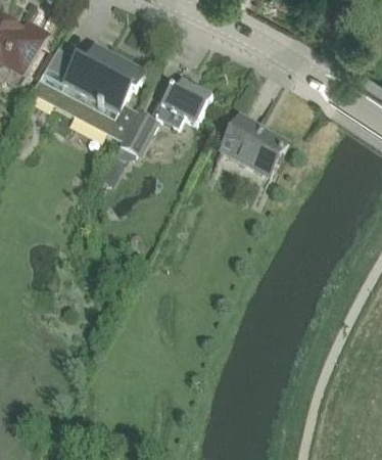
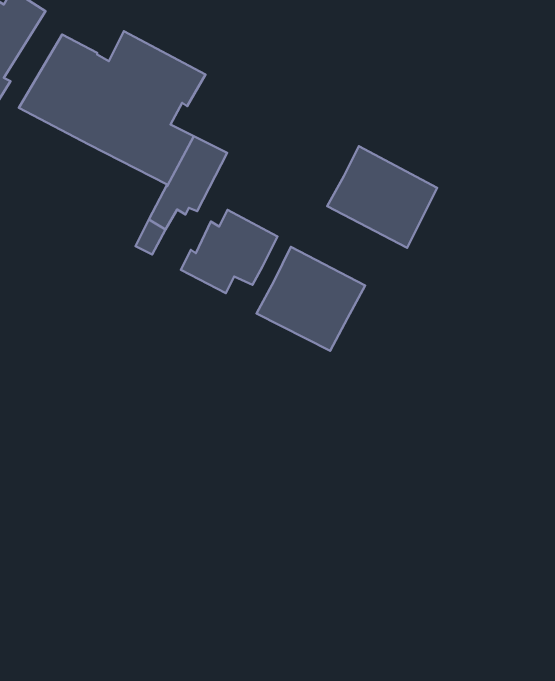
building: [152,75,211,126] -> [181,210,278,293]
building: none -> [256,247,365,351]

